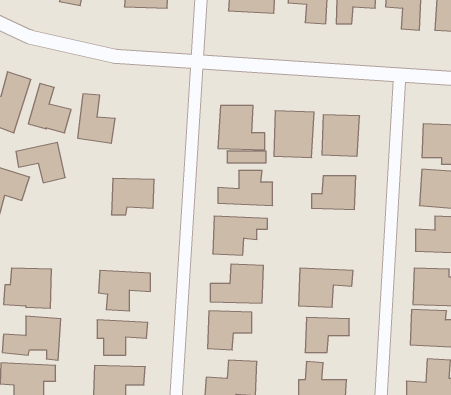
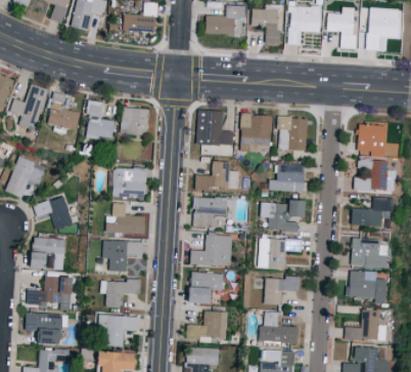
building: none -> [122,107,149,135]
building: [16,142,65,183] -> [34,197,73,229]
building: none -> [262,199,304,231]
building: none -> [105,203,145,234]

